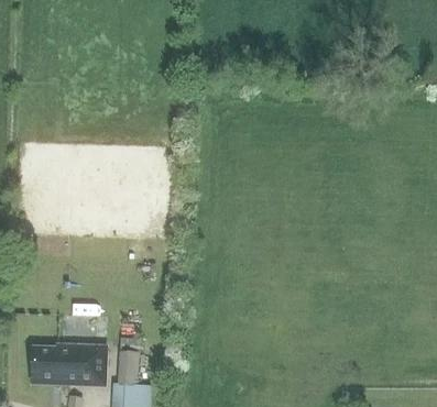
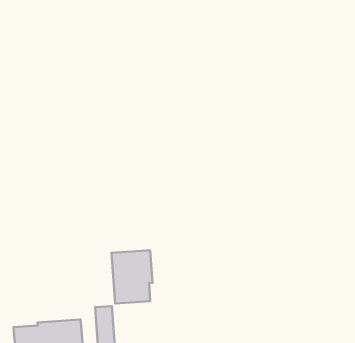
building: none -> [111,250,153,303]

